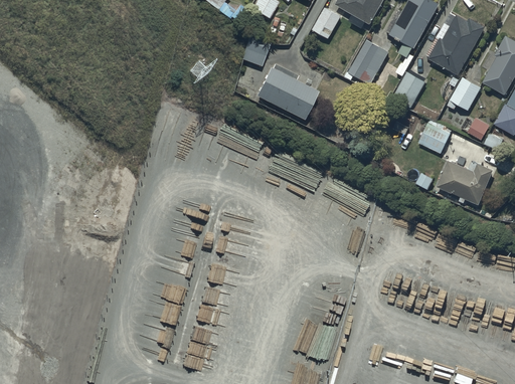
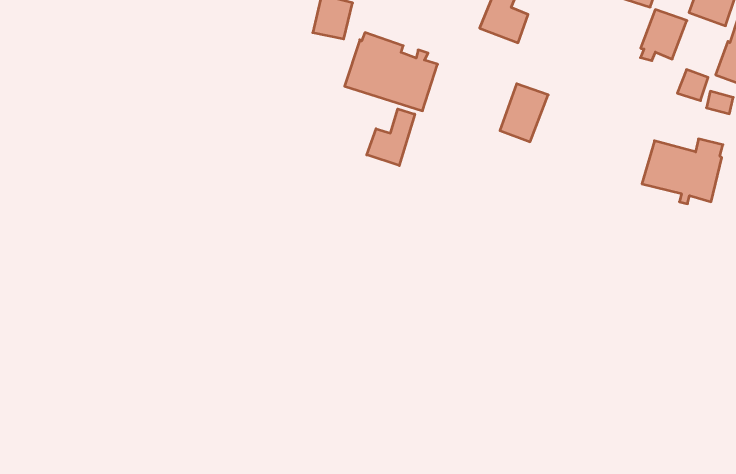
building: [391,72,425,111] -> [500,84,548,142]
building: none -> [367,109,415,166]
building: [418,124,450,153] -> none

